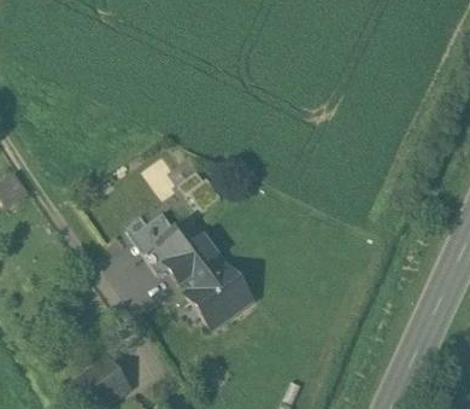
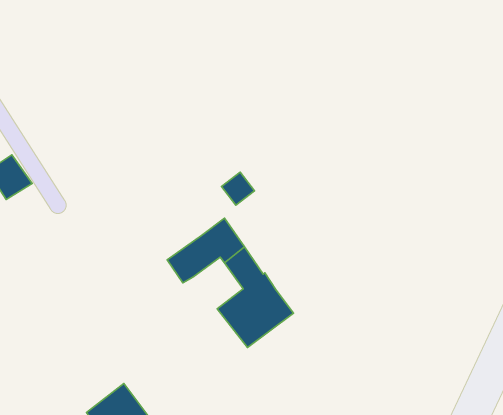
building: [134,217,175,253] -> none
building: [168,251,210,290] -> none

